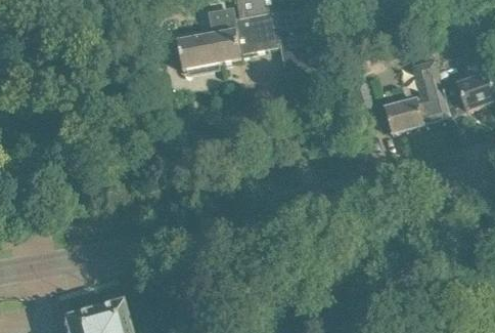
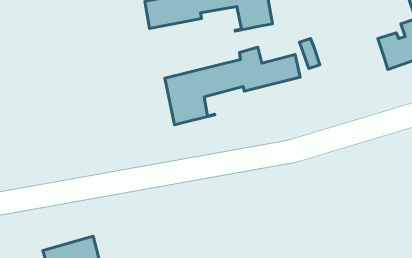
building: [387,56,448,130] -> none
building: none -> [165,47,300,125]

